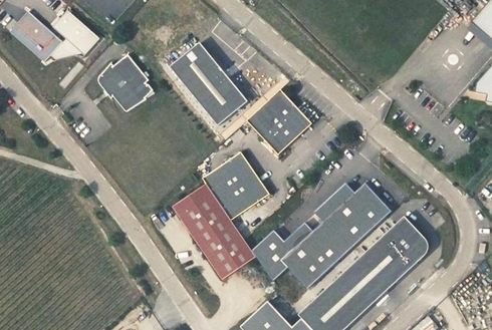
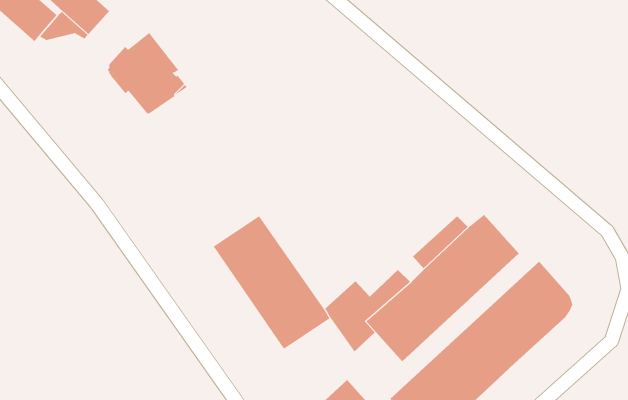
building: [169,42,247,125] -> none
building: [245,89,311,154] -> none
building: [202,151,269,220] -> none

